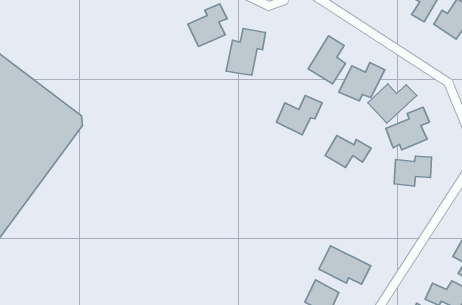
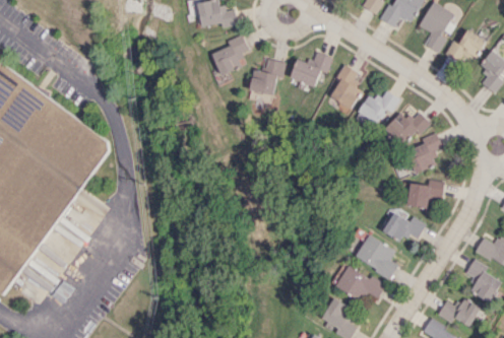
building: [276,96,322,135] -> [289,51,332,88]
building: [325,135,371,167] -> [382,212,426,243]
building: none -> [355,234,397,278]

